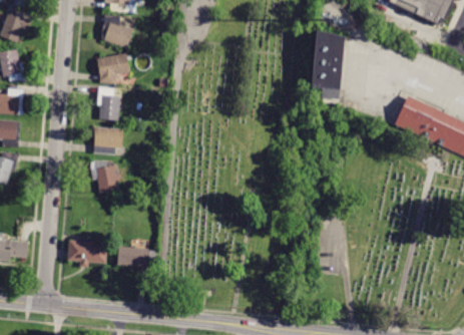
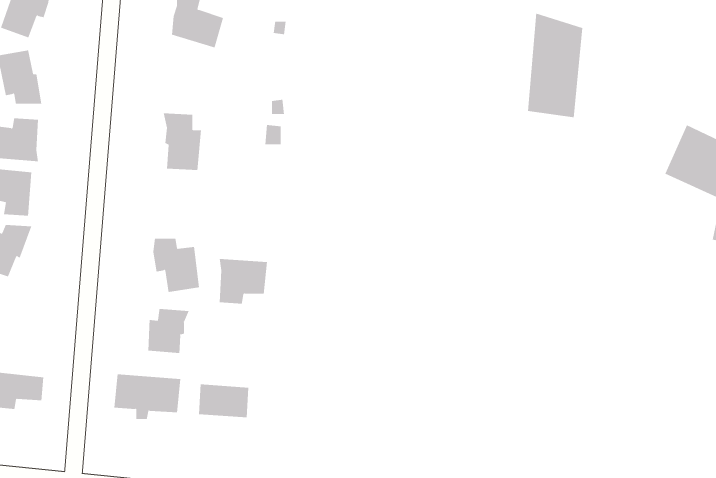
building: [96,54,129,84] -> none
building: [93,127,122,154] -> [219,259,268,304]
building: none -> [148,308,189,354]

